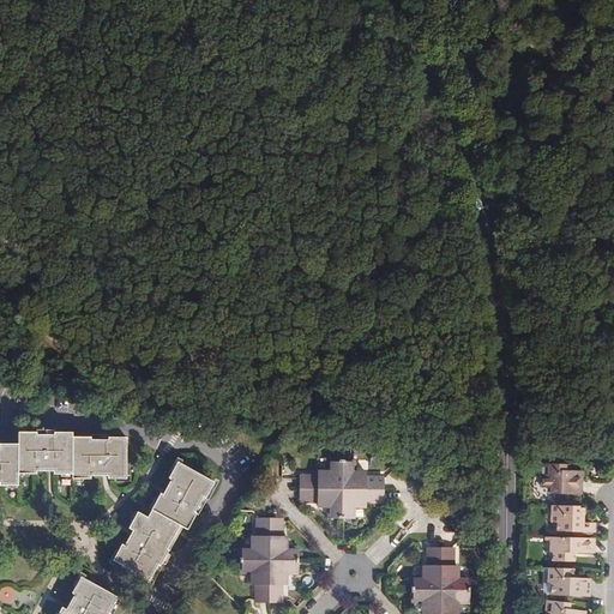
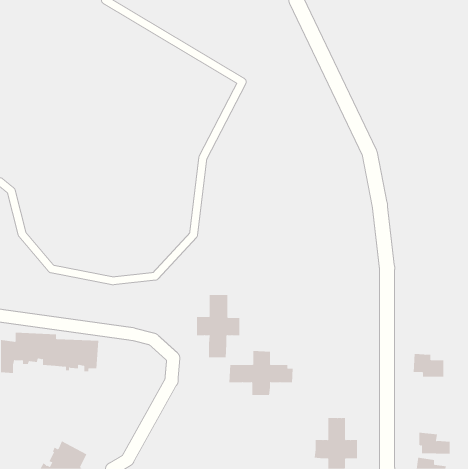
building: [115,462,212,579] -> none
building: [552,504,595,530] -> none
building: [241,517,299,600] -> [196,294,240,358]
building: [550,535,594,559] -> none

